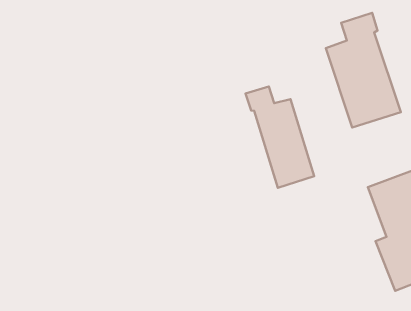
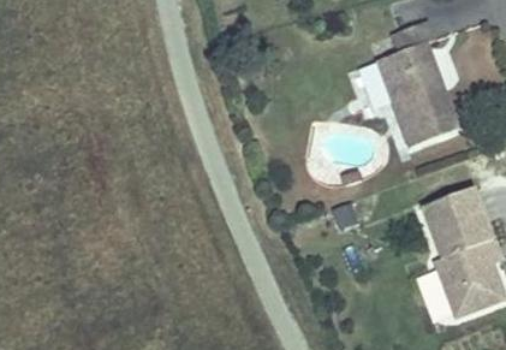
building: [246,86,314,188] -> none

